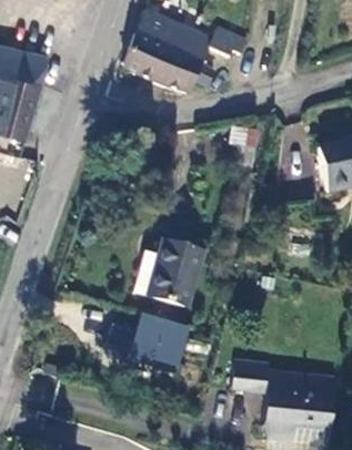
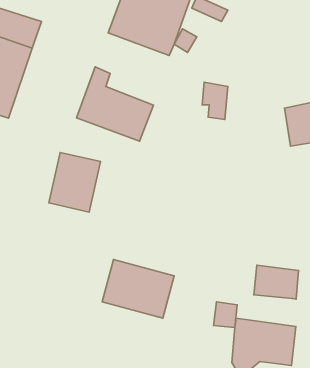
building: none -> [77,67,153,141]
building: [148,243,203,307] -> [49,152,100,212]
building: none -> [254,265,299,299]

